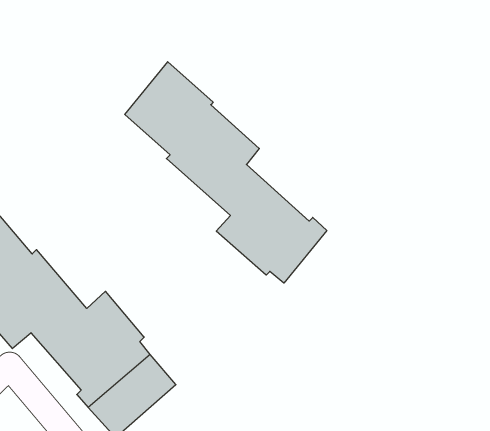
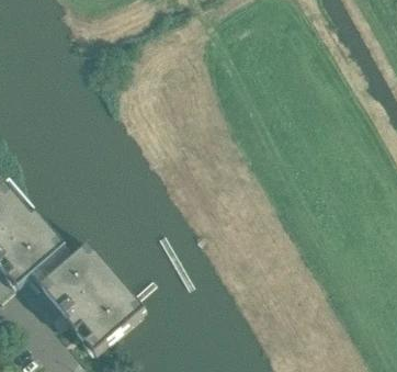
building: [125,62,327,283] -> none

